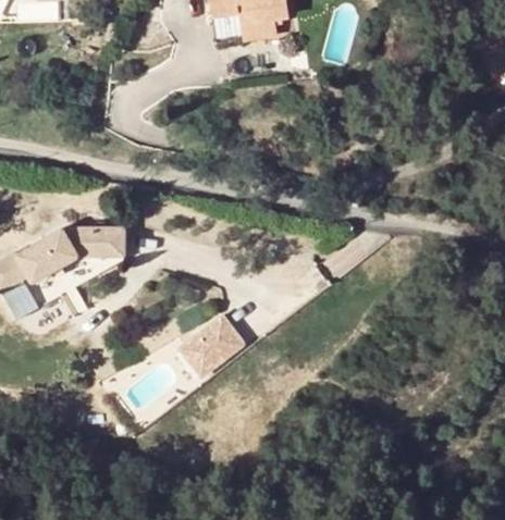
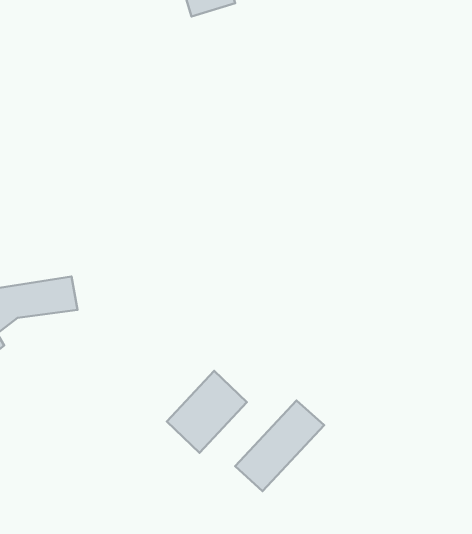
building: none -> [235,400,324,491]

